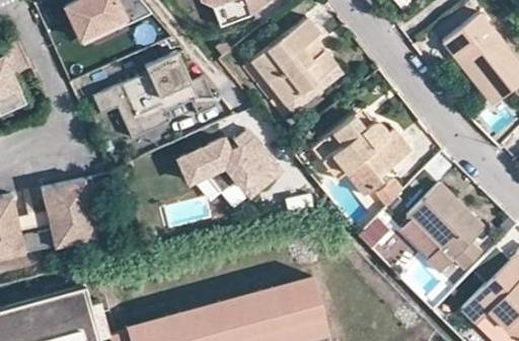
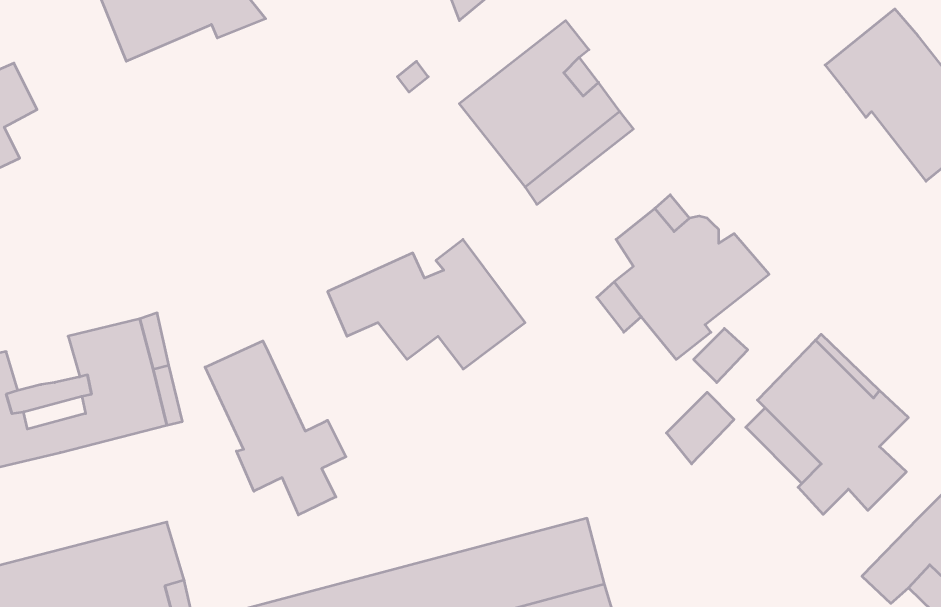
building: [92,50,216,138] -> none
building: none -> [205,341,346,515]

